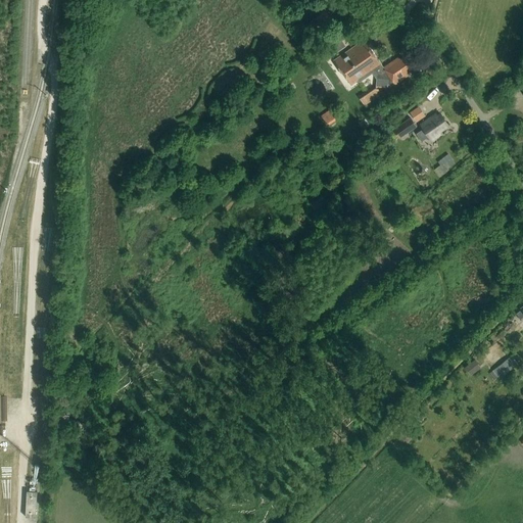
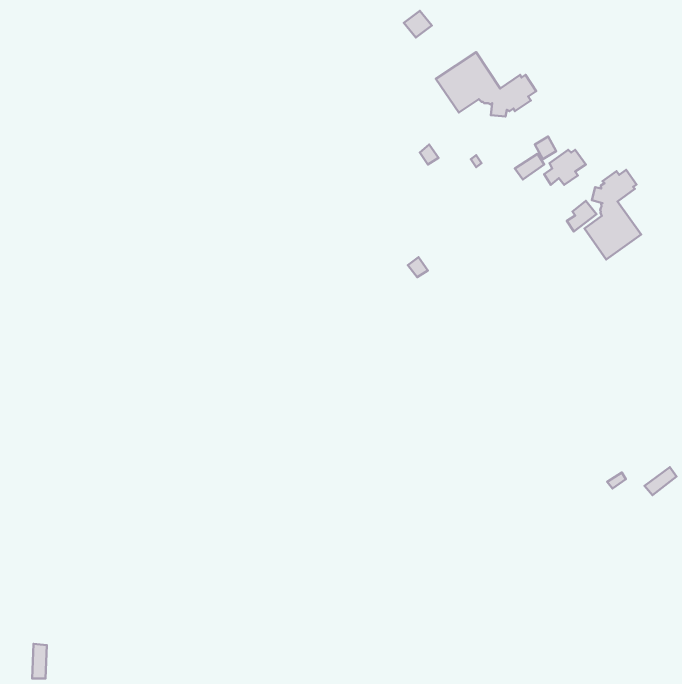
building: none -> [584,170,641,259]

